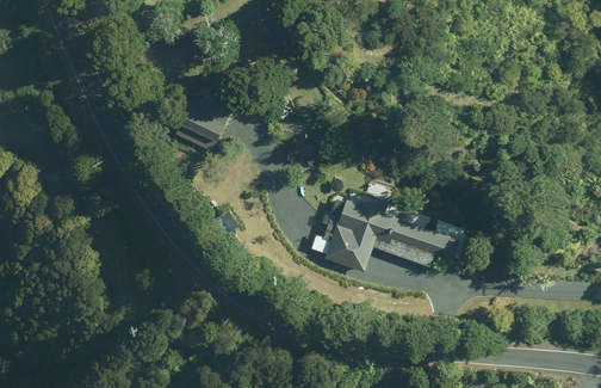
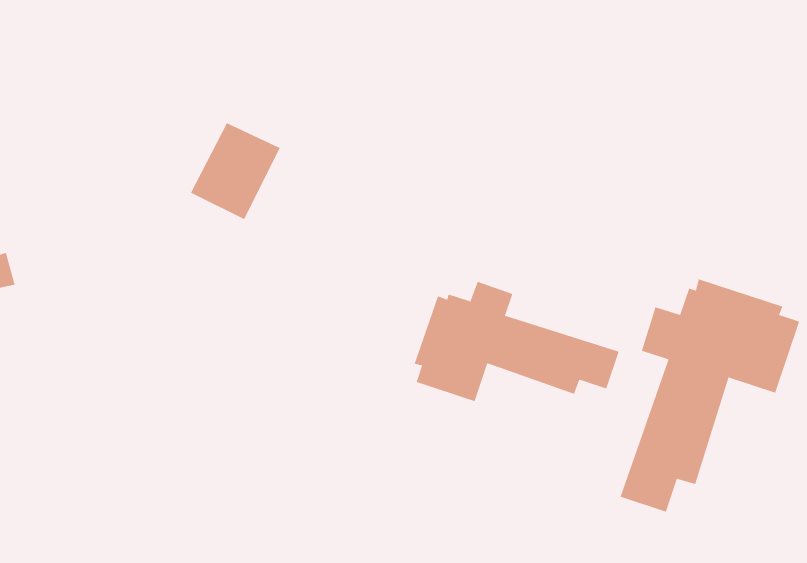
building: none -> [620,279,800,513]

